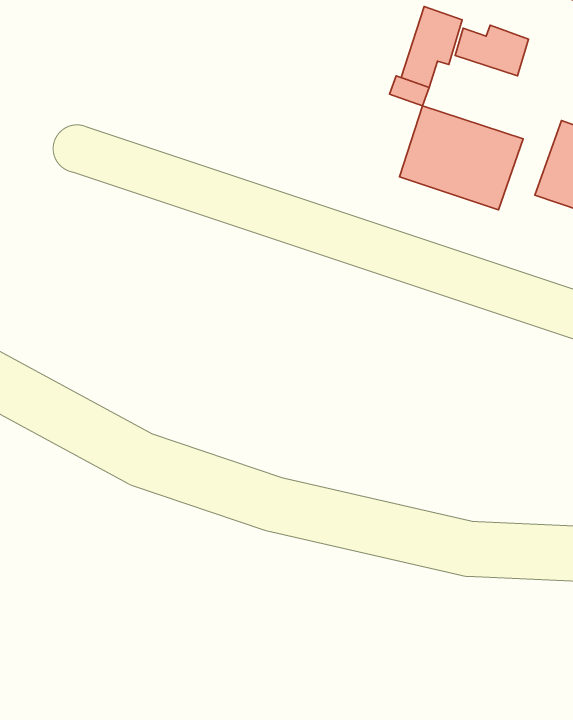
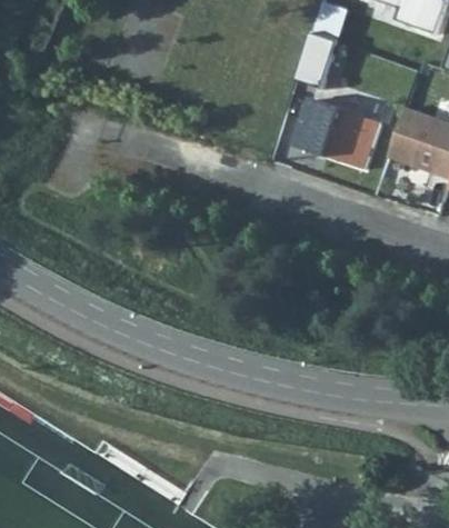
building: [455,25,529,76] -> none

